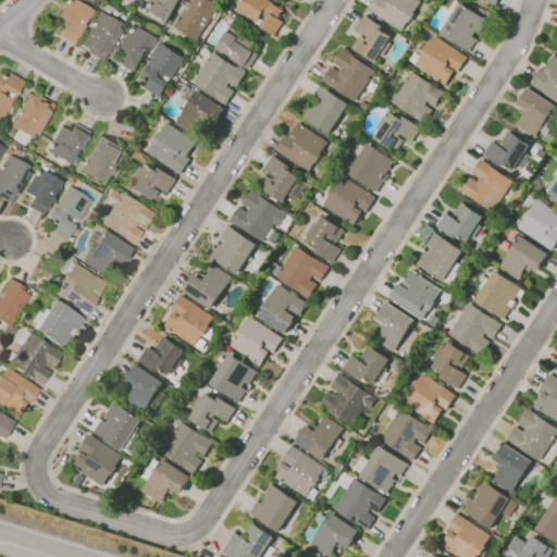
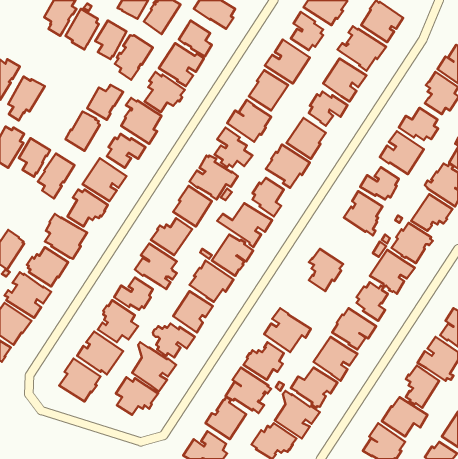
building: [46,123,89,165] -> [87,85,123,120]
building: [388,269,442,320] -> none
building: [343,345,394,385] -> none

